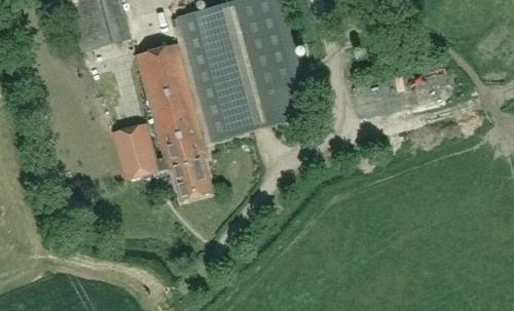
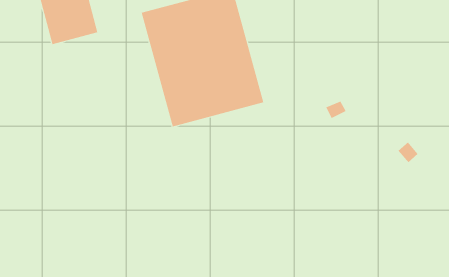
building: [112,43,211,199] -> none

